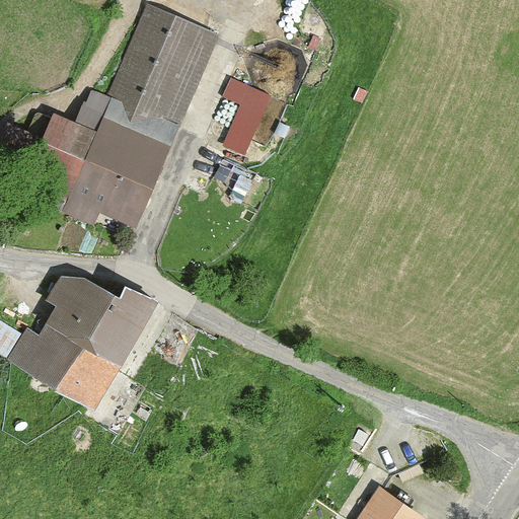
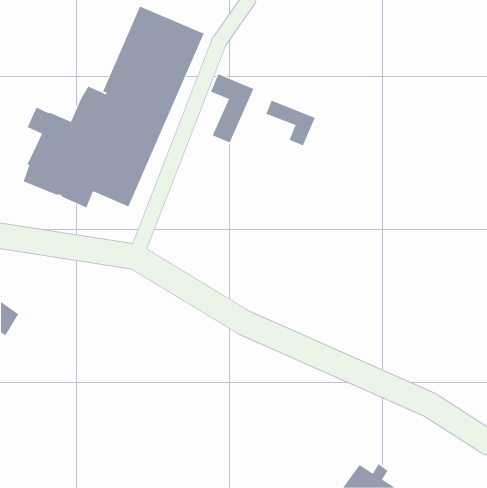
building: none -> [265,100,315,146]
building: [12,278,154,405] -> none

